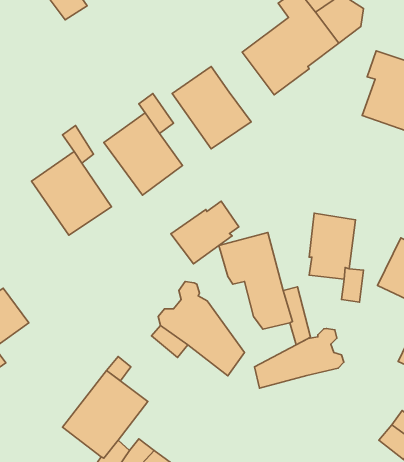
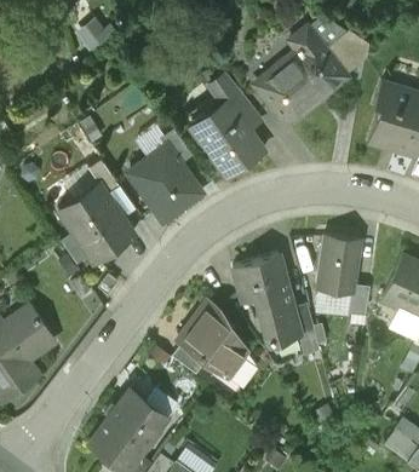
building: none -> [208,70,258,122]
building: [171,201,239,264] -> none
building: [255,328,344,388] -> none

